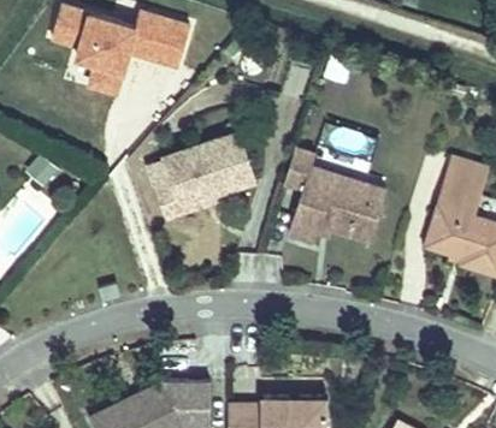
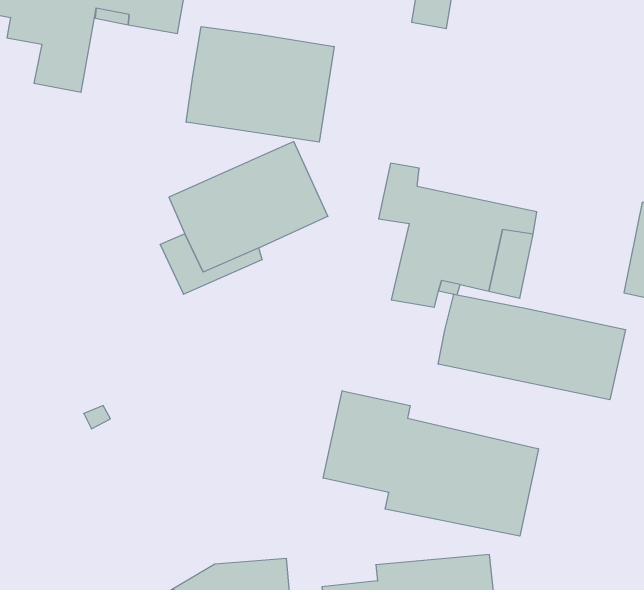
building: none -> [186,27,334,142]
building: none -> [438,294,625,400]
building: none -> [323,391,539,536]

